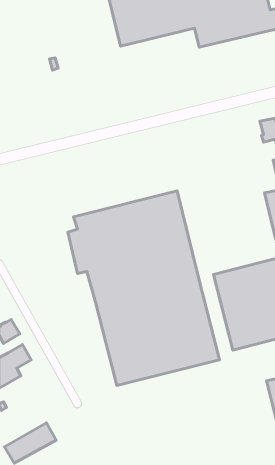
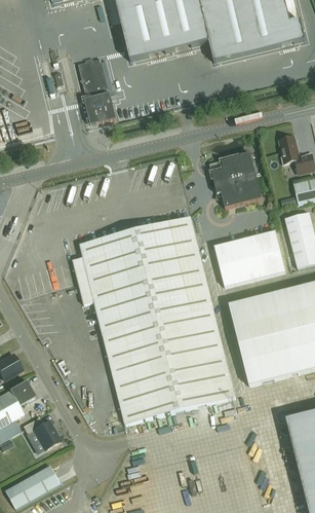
building: none -> [79,59,116,125]
building: none -> [209,152,262,208]
building: none -> [212,229,283,285]
building: none -> [23,416,60,448]

